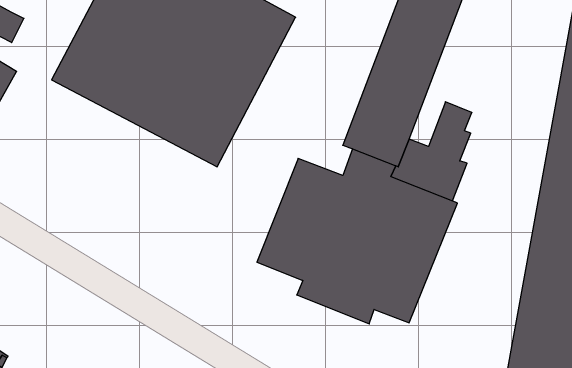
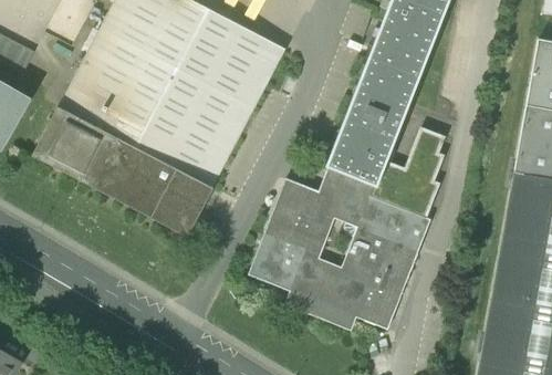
building: none -> [32,106,213,237]

